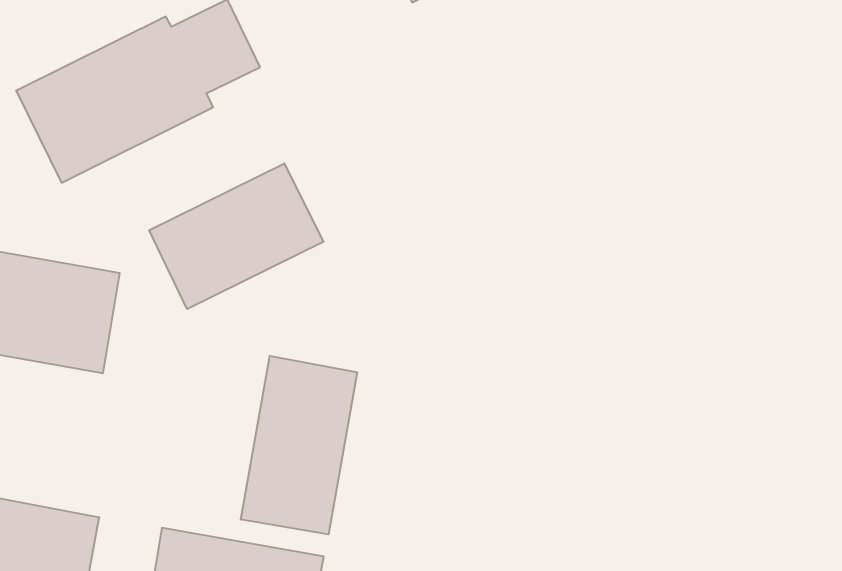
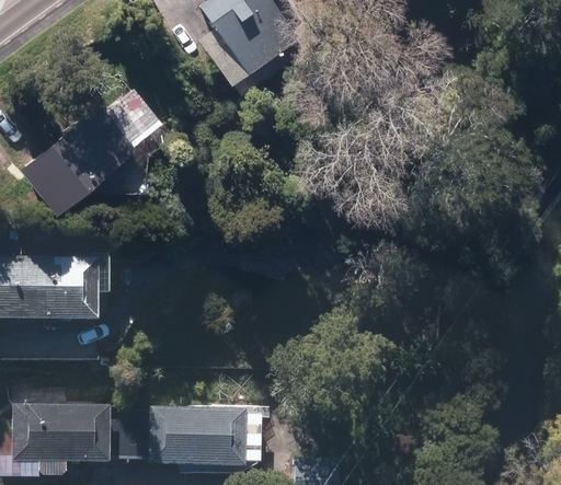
building: [149,163,324,309] -> none
building: [241,356,357,534] -> none

